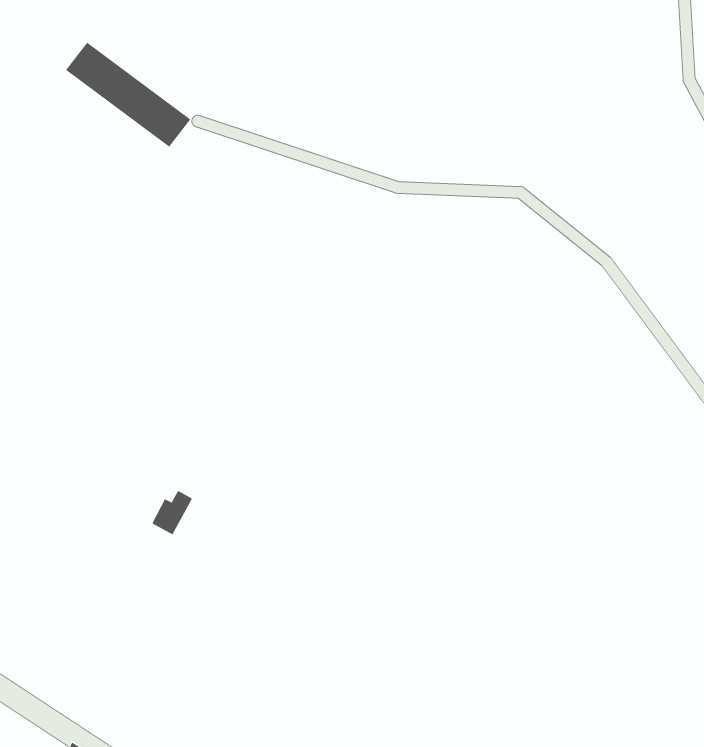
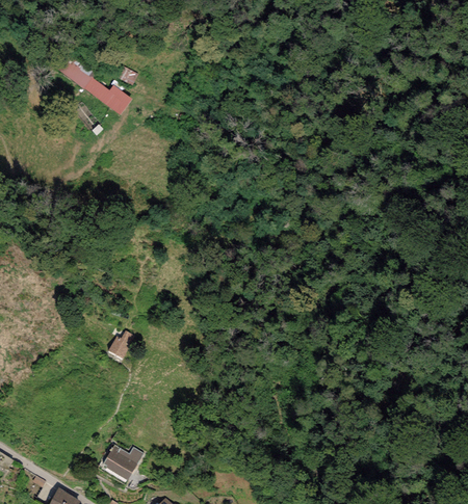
building: none -> [103,446,144,481]

